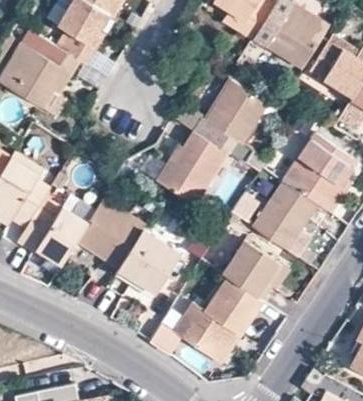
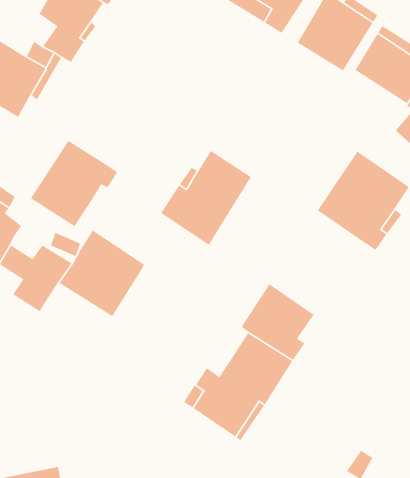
building: [196,79,267,155] -> none
building: none -> [30,140,118,227]
building: [249,180,316,251] -> none
building: [115,227,179,292] -> none

